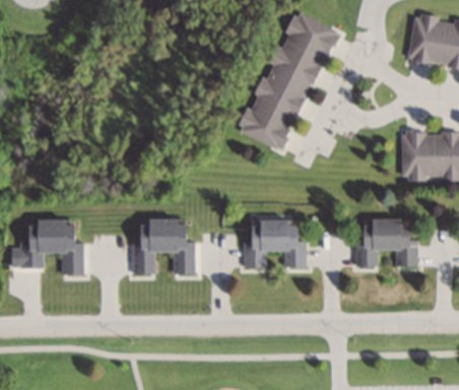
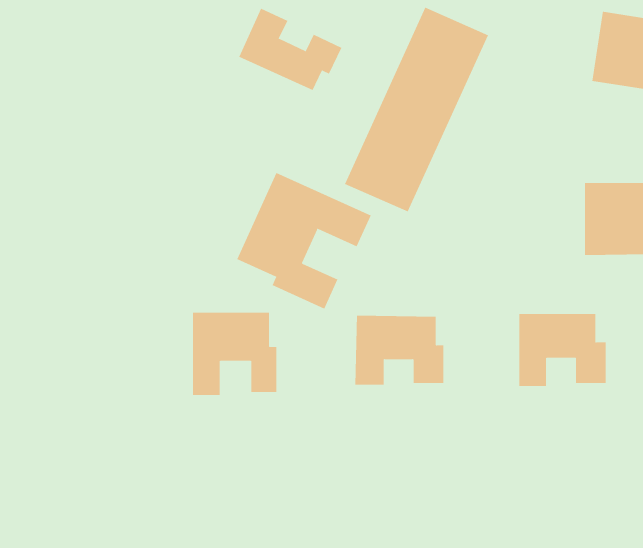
building: none -> [238,8,342,91]
building: none -> [236,172,371,309]
building: [10,219,82,274] -> none

